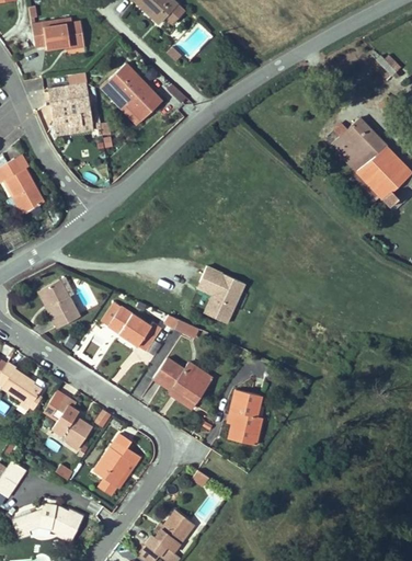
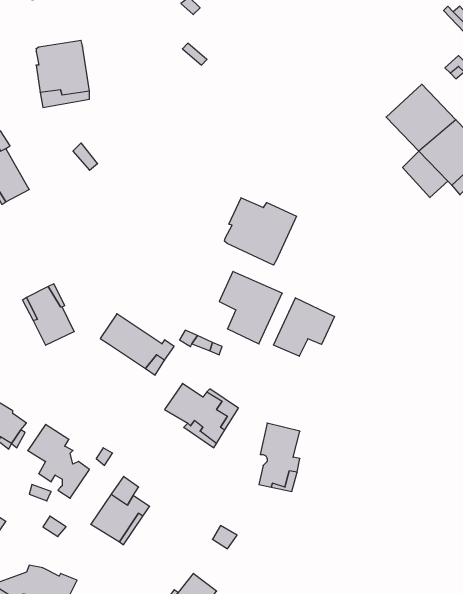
building: [101,62,161,119] -> none
building: none -> [224,198,297,265]
building: none -> [274,298,334,356]

